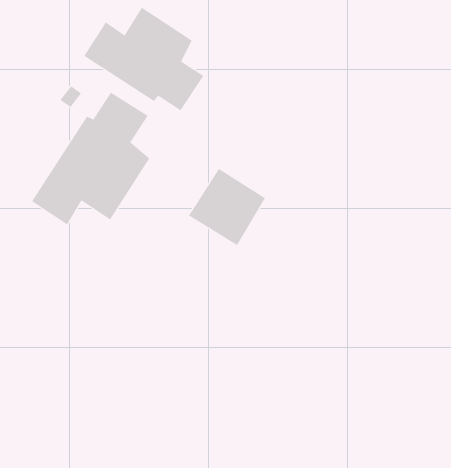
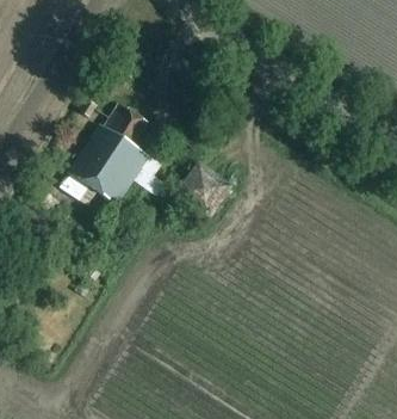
building: [83,7,204,111] -> none

